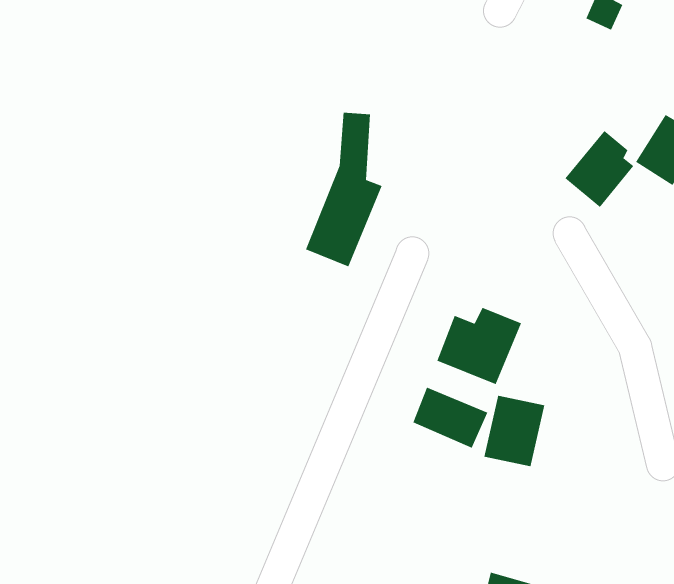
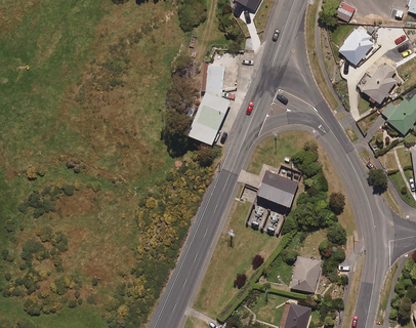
building: [564,130,634,208] -> [337,26,373,66]
building: [484,395,545,467] -> [289,256,321,293]

